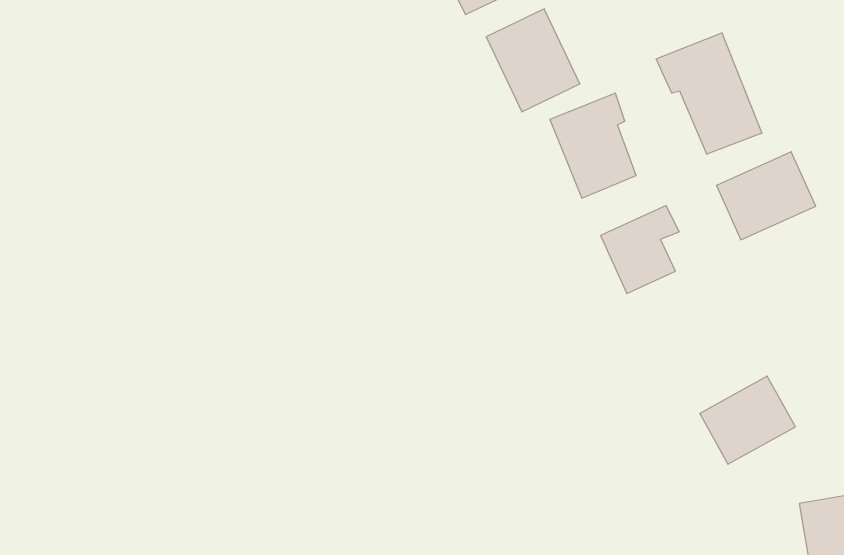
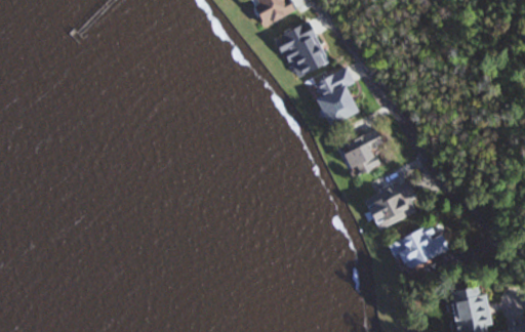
building: [656,33,762,154] -> none
building: [716,152,816,240] -> [366,181,420,230]

